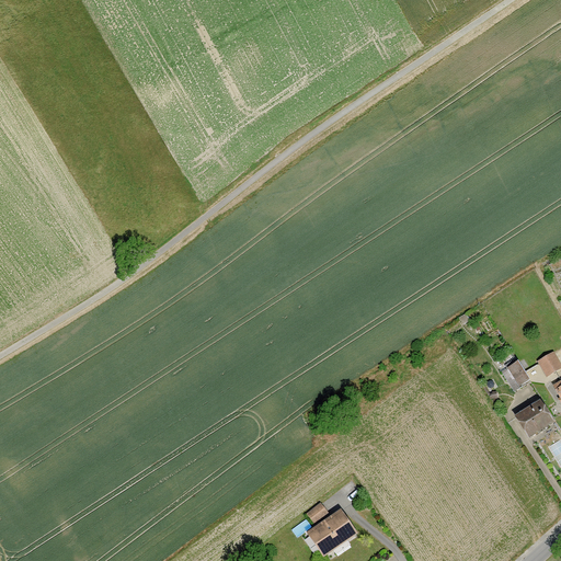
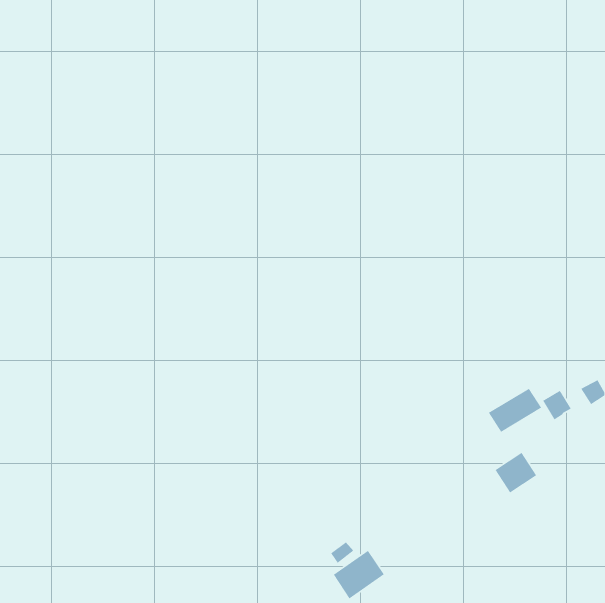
building: none -> [488,388,542,433]
building: [514,399,553,437] -> [495,452,537,493]

